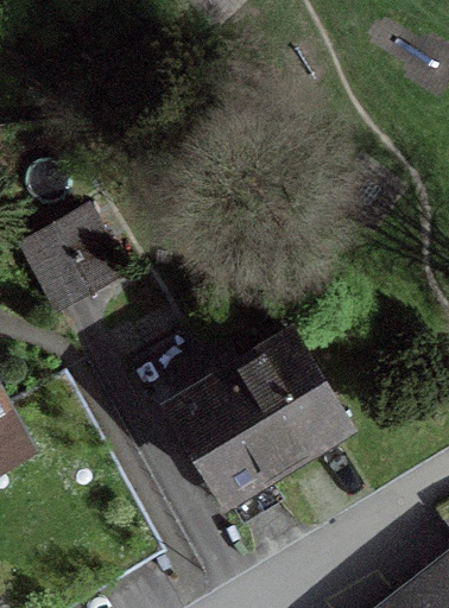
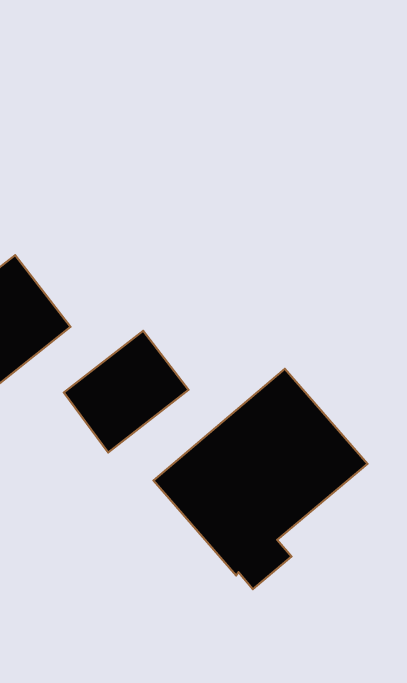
building: none -> [64,331,189,452]

